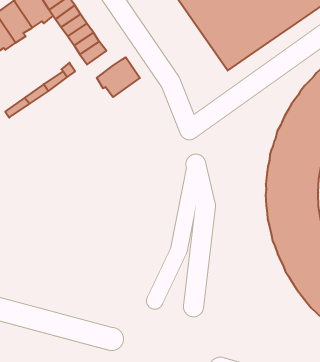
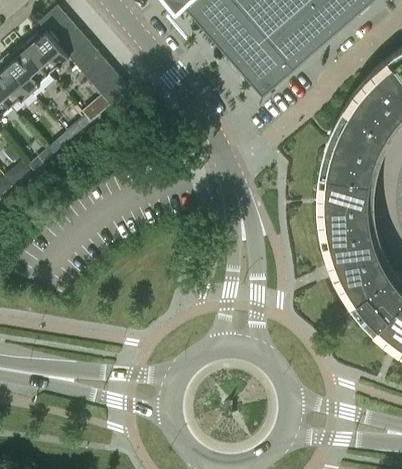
building: [97,57,140,97] -> none

